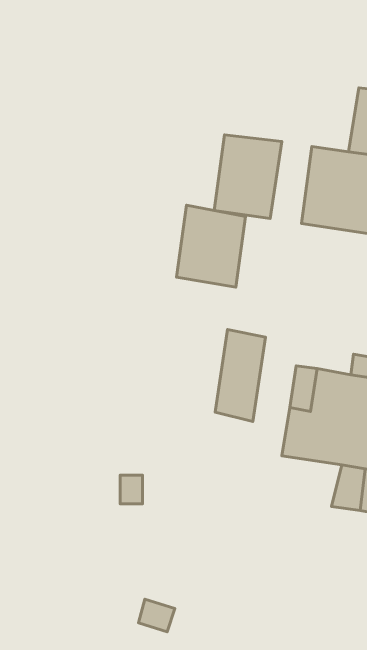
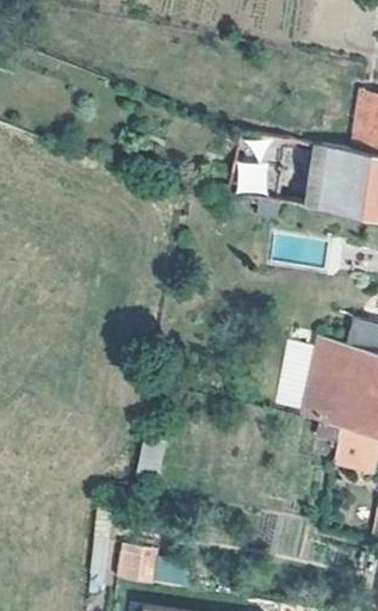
building: [177,205,245,287] -> none
building: [215,329,265,422] -> none
building: none -> [117,541,159,582]

